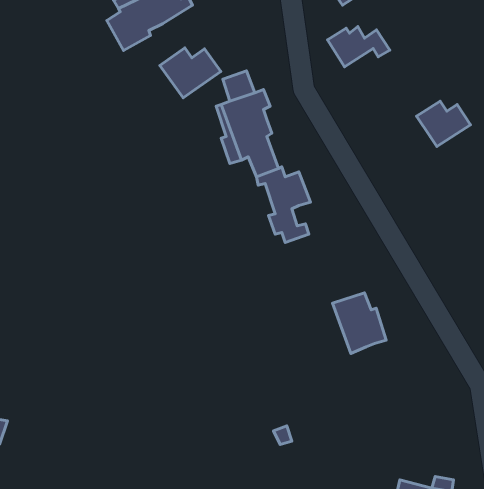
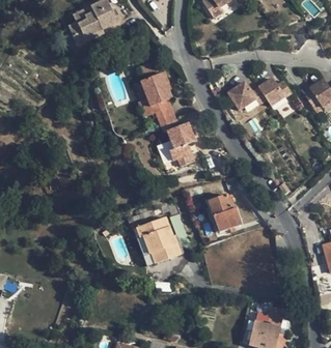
building: [328,27,390,67] -> [230,85,269,110]
building: [160,48,221,98] -> none
building: none -> [128,218,177,268]

